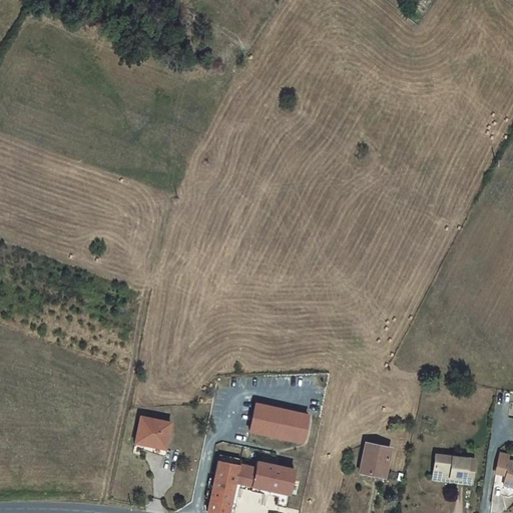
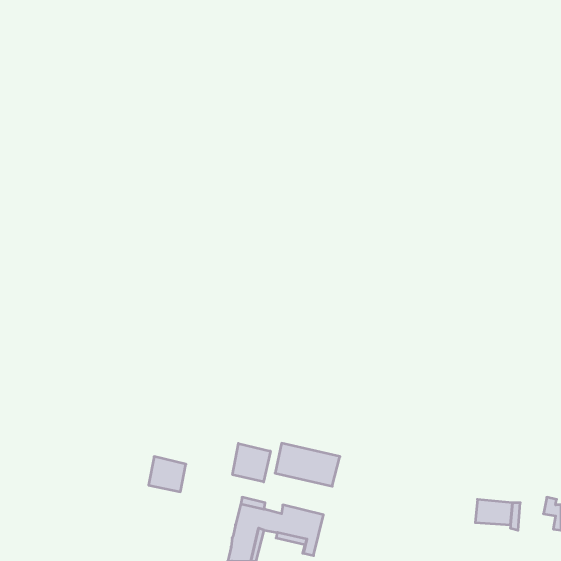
building: none -> [233,443,270,482]
building: [359,444,391,477] -> none

